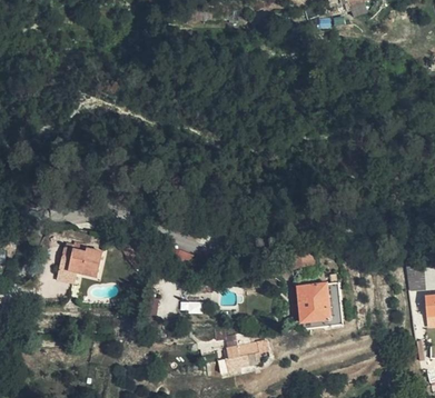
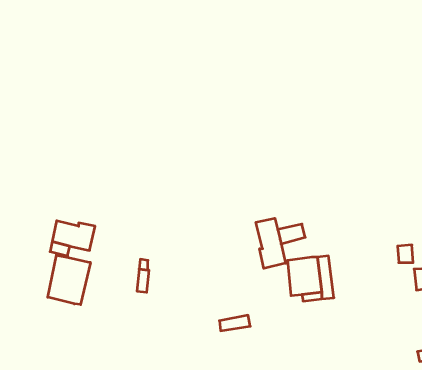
building: none -> [256,218,286,268]
building: none -> [48,255,90,305]

